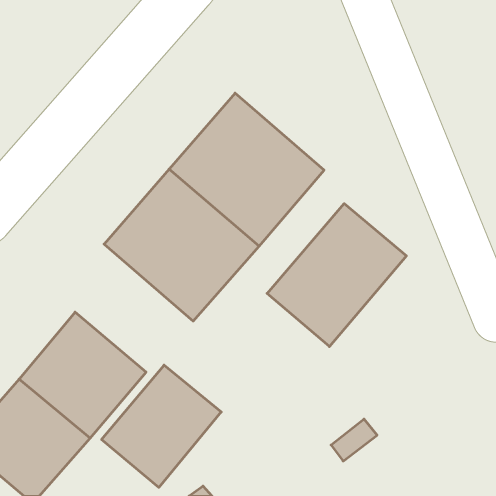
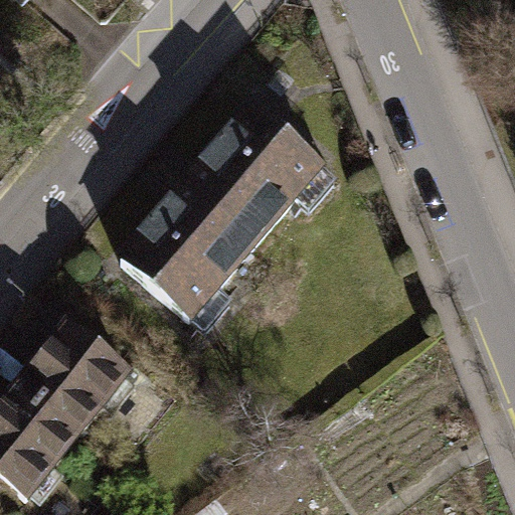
building: [267,204,406,347] -> none
building: [102,365,221,487] -> none

